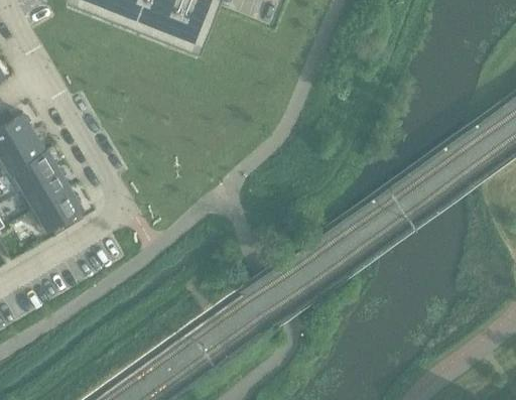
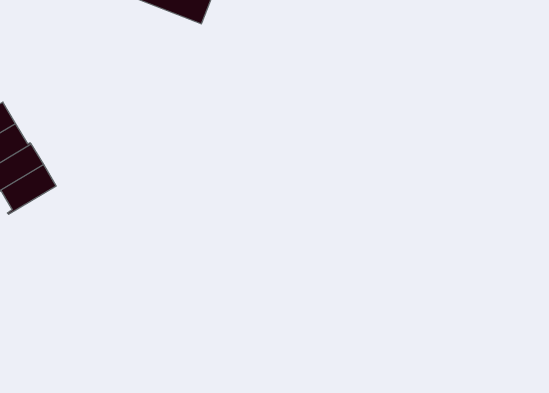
building: [27,187,83,234] -> none

